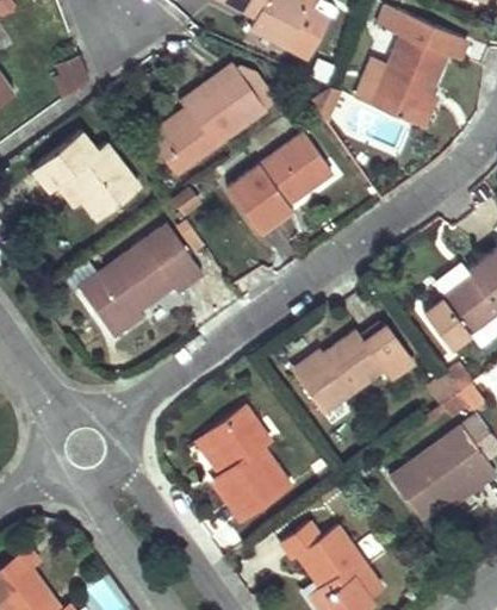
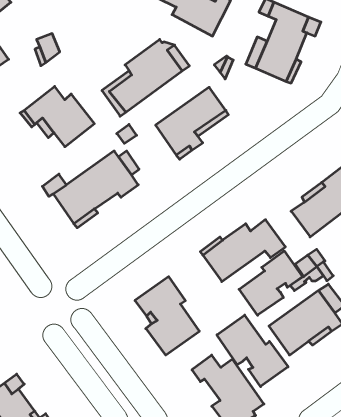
building: none -> [239,251,303,315]
building: none -> [217,315,288,387]

